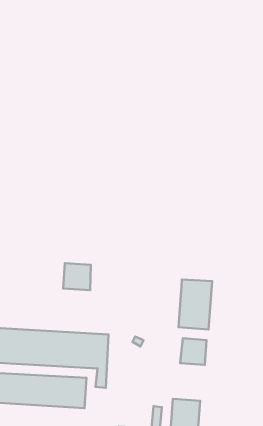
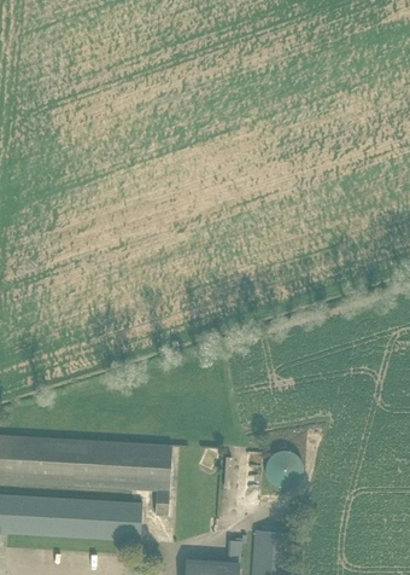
building: [63,263,91,290] -> none
building: [178,279,212,330] -> none

